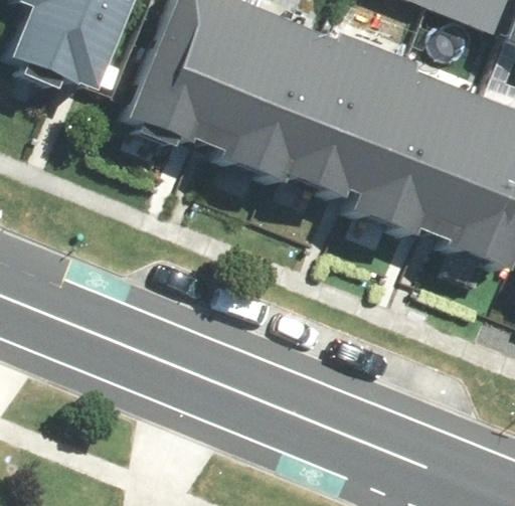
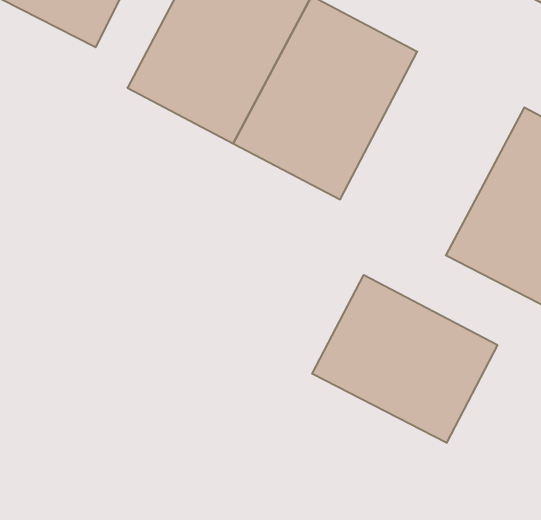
building: [317,58,463,226] -> none
building: none -> [312,275,497,443]

